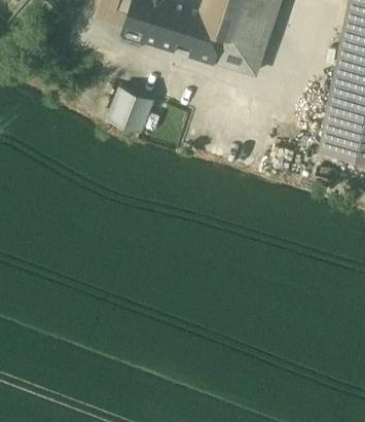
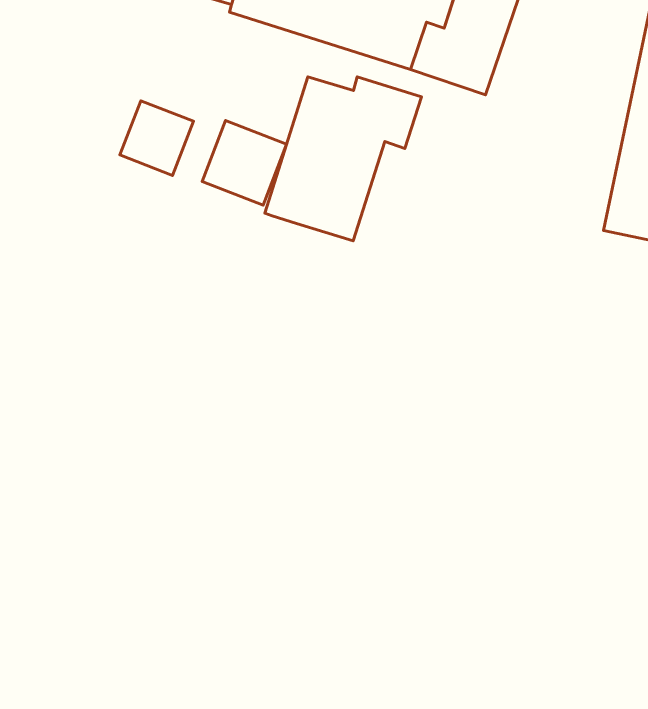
building: none -> [265,77,421,241]
building: none -> [120,101,194,175]

